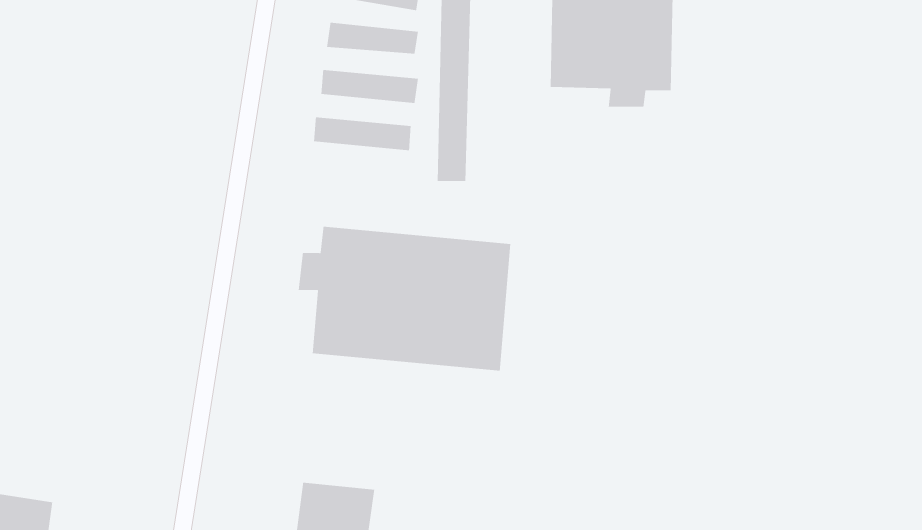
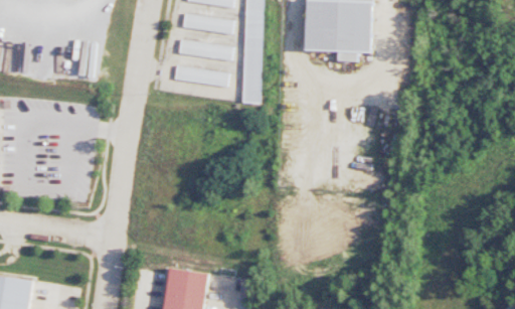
building: [298,226,511,372] -> none

